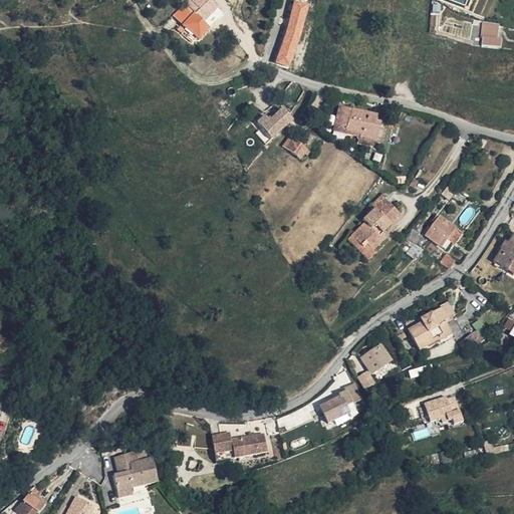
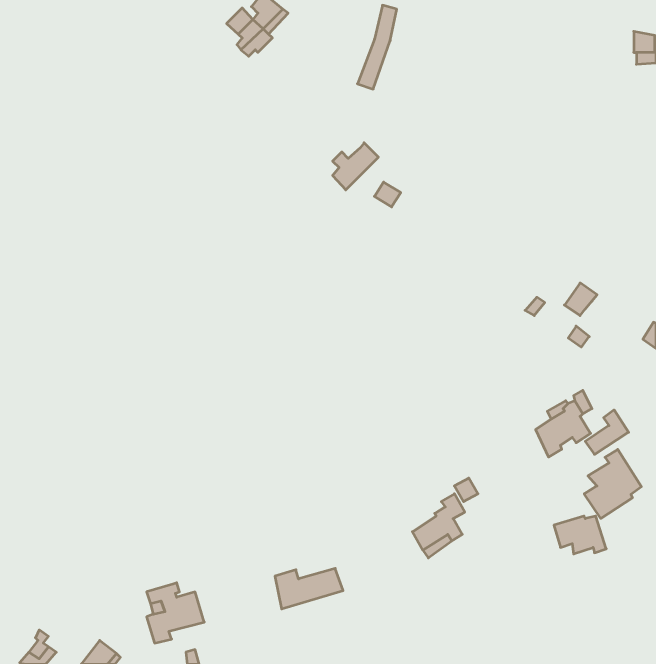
building: [341,109,373,139] -> none
building: [351,197,400,251] -> none
building: none -> [584,449,641,518]
building: [362,346,389,372] -> none

